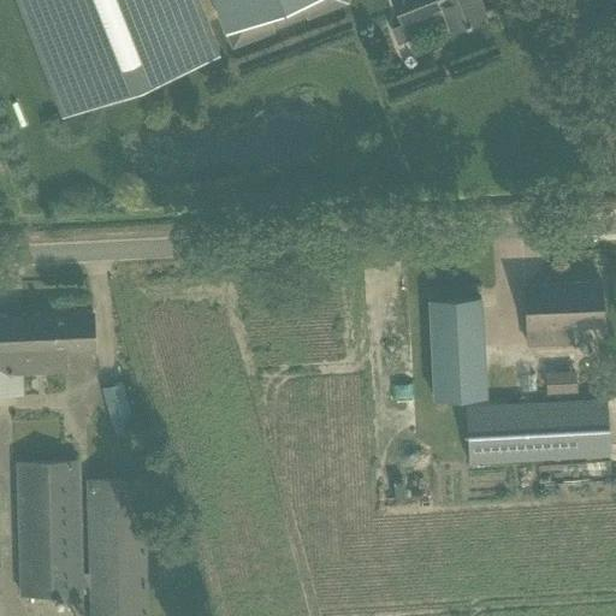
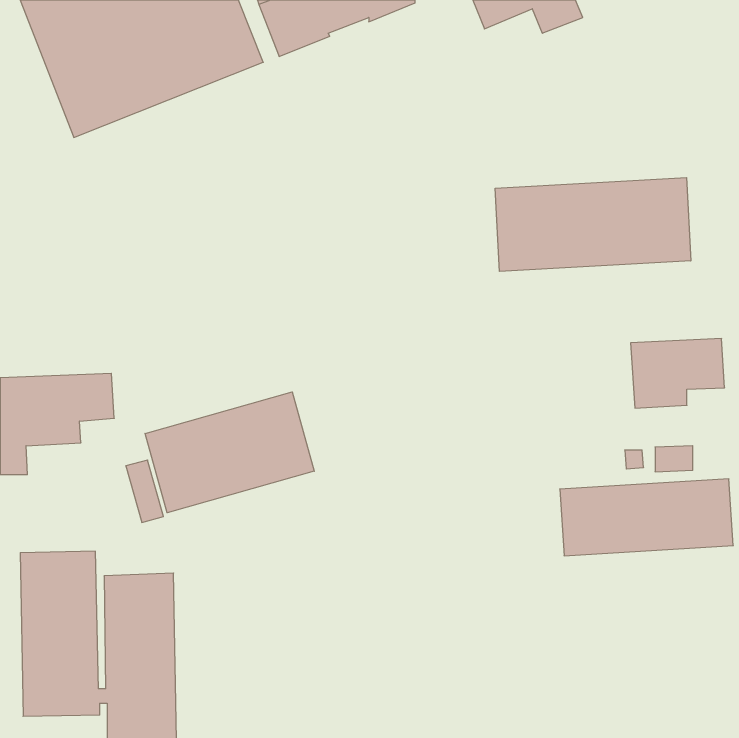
building: none -> [495,178,691,271]
building: [430,300,485,401] -> none
building: none -> [145,392,314,513]

